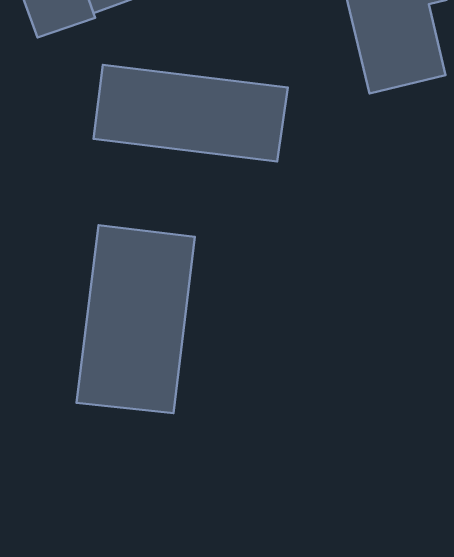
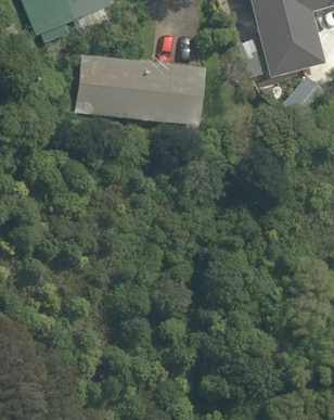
building: [77,225,195,413] -> none

